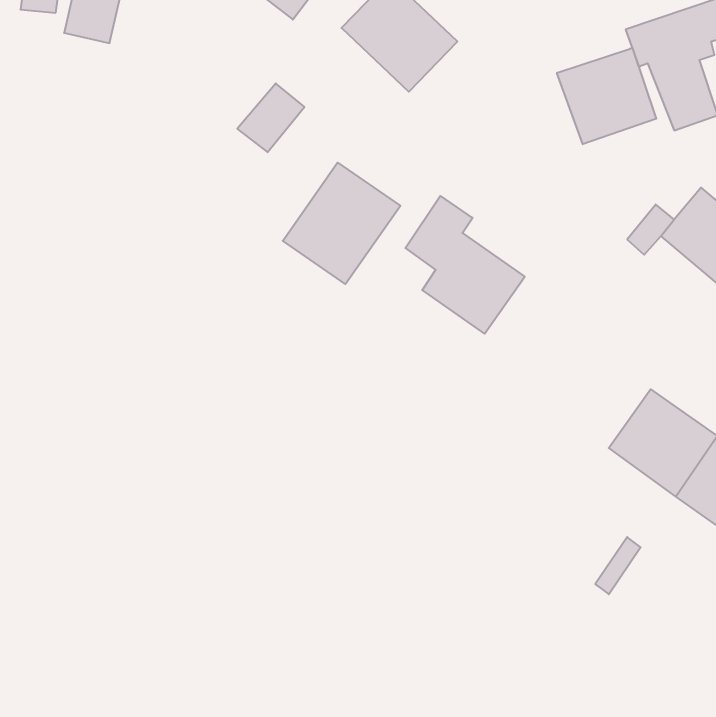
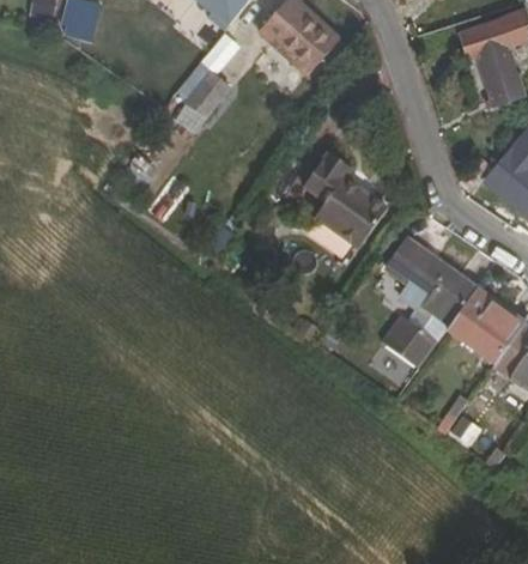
building: [557,48,656,144] -> none
building: [283,163,400,284] -> none
building: none -> [383,238,478,368]

